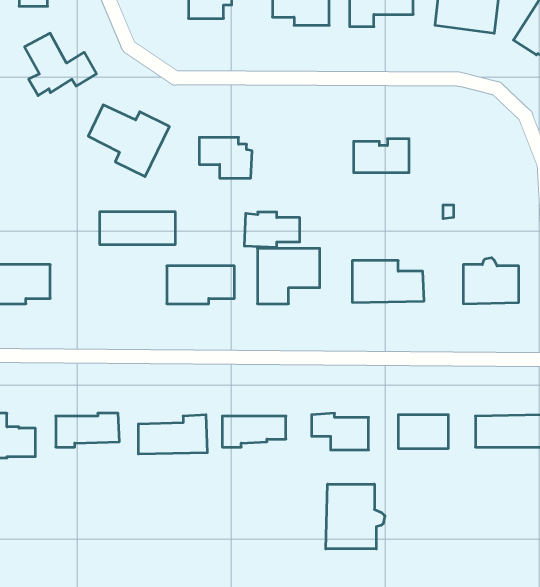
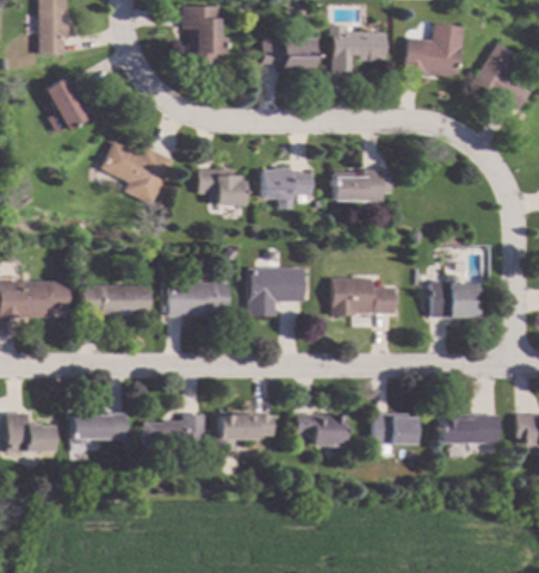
building: [100,212,175,244] -> [82,285,149,314]
building: [244,212,300,247] -> [262,168,311,199]
building: [326,484,385,549] -> none

